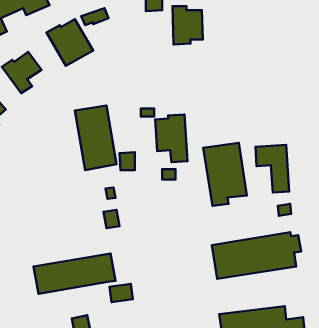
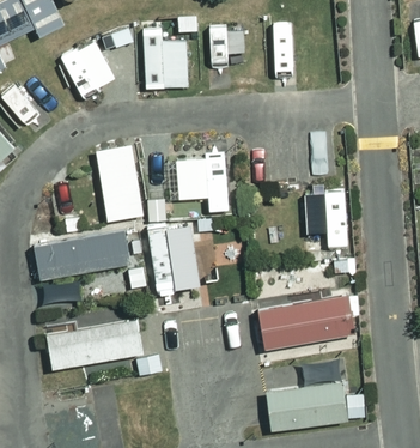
building: none -> [144,30,188,89]
building: [203,143,247,206] -> [147,223,199,297]
building: none -> [32,228,129,280]

